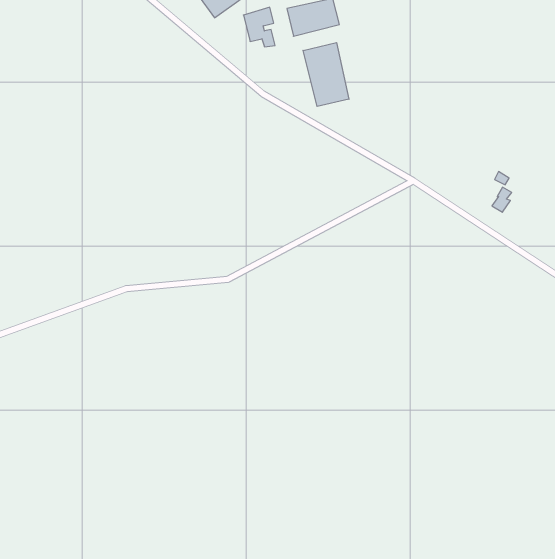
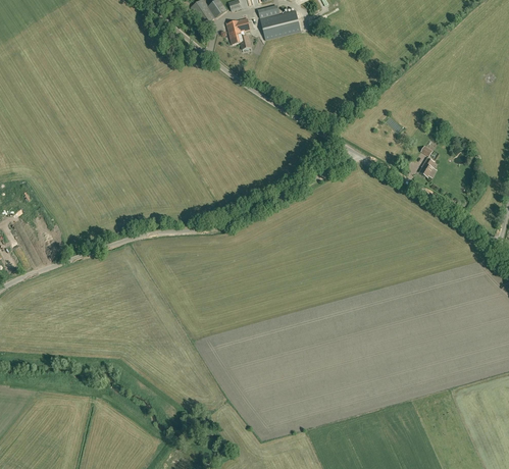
building: [303,43,349,106] -> none

